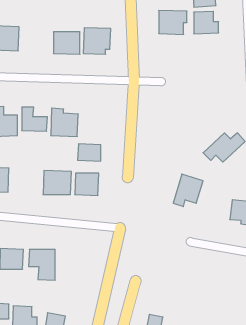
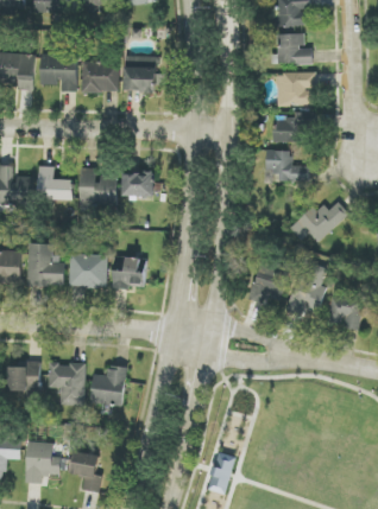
building: [159,10,187,34] -> [277,72,316,106]
building: none -> [40,55,77,91]
building: none -> [275,112,309,142]
building: none -> [265,151,309,182]
building: [78,144,101,161] -> [121,172,153,196]
building: none -> [26,243,63,286]
building: none -> [288,261,327,316]
building: none -> [90,365,125,407]

